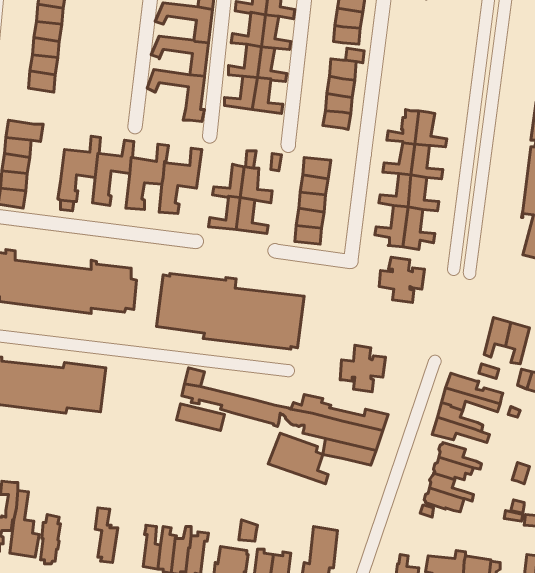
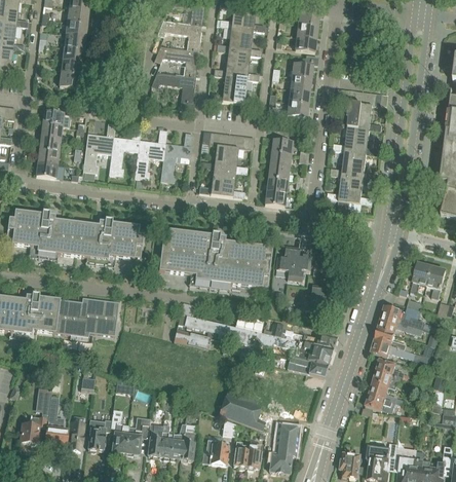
building: [379,257,424,302] -> [276,246,311,281]
building: [268,433,328,484] -> [219,390,265,429]
building: none -> [124,417,151,453]
building: none -> [88,418,105,451]

